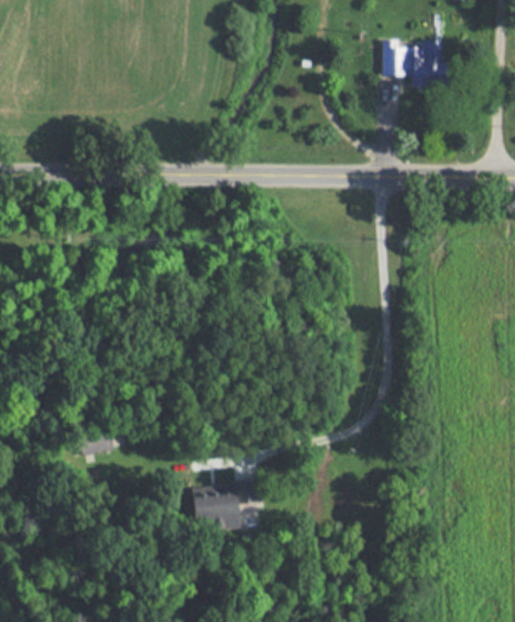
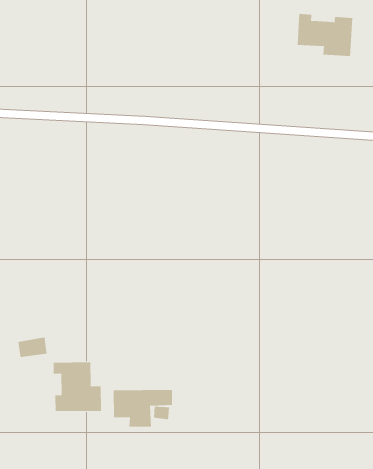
building: none -> [53,362,101,412]

